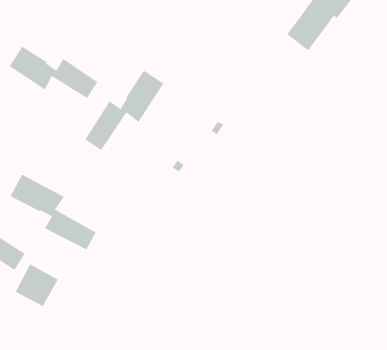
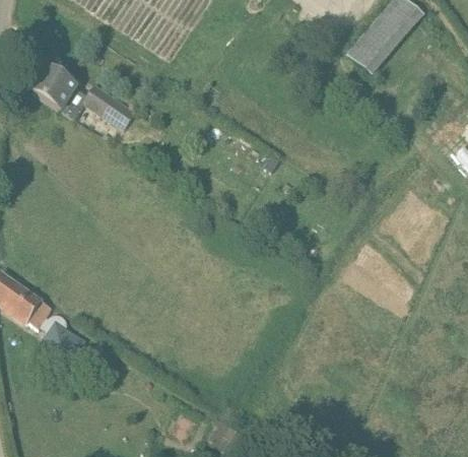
building: [84,70,164,151] -> none
building: [10,174,97,250] -> none

